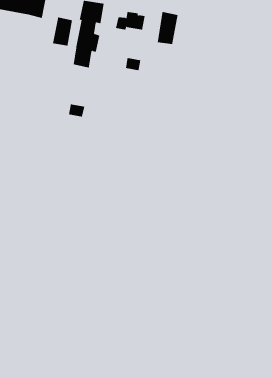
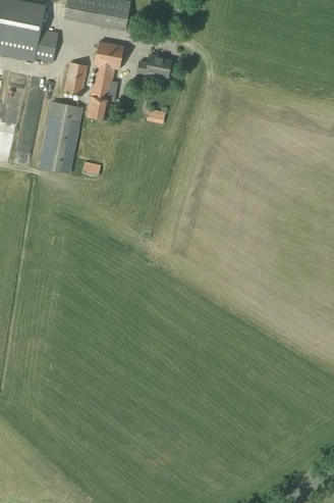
building: [157,11,178,45] -> none
building: none -> [38,100,82,172]

